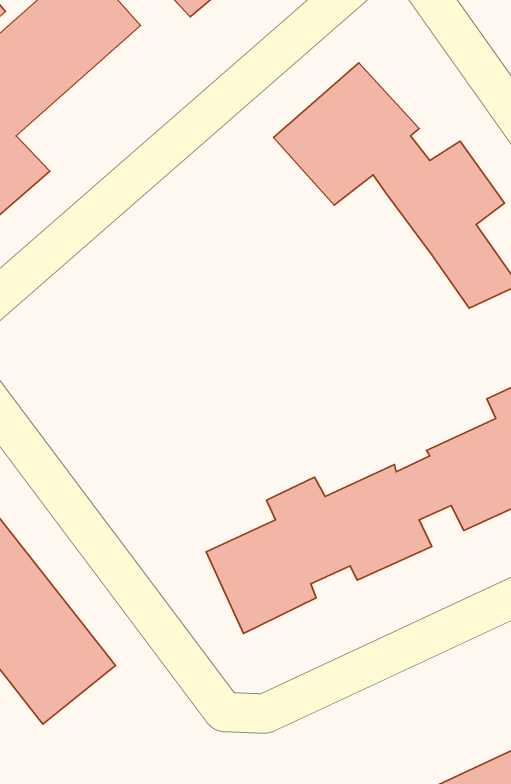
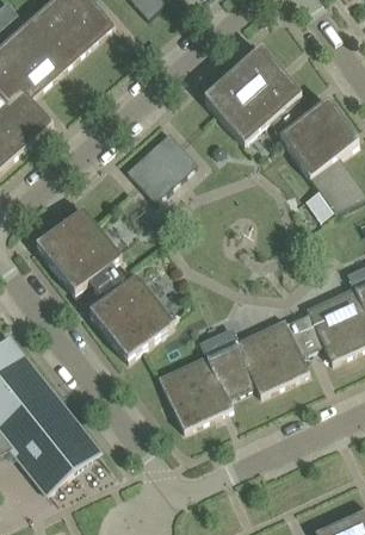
building: none -> [126,132,198,201]
building: none -> [37,209,175,361]

